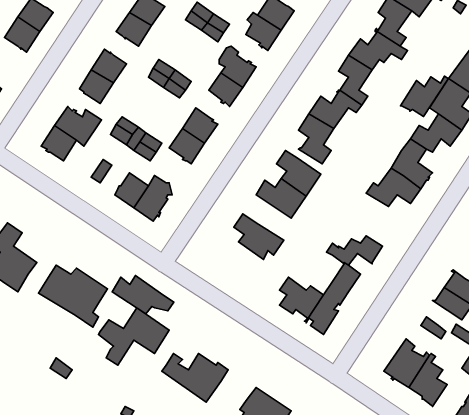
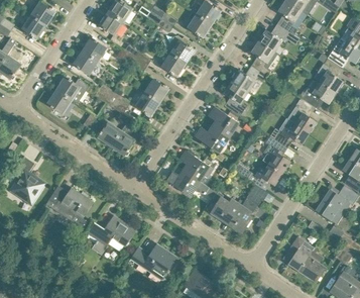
building: [401,76,448,117] -> none
building: none -> [262,135,289,172]
building: [112,276,174,314] -> [166,169,209,195]

